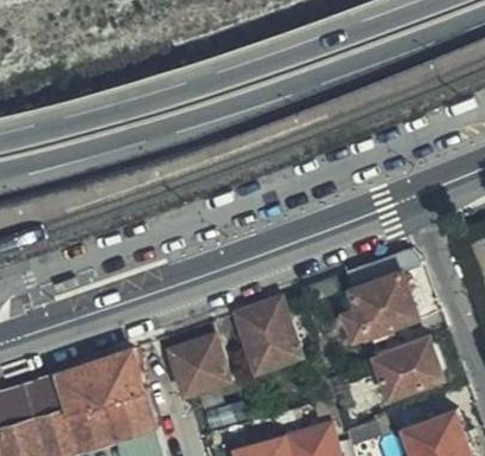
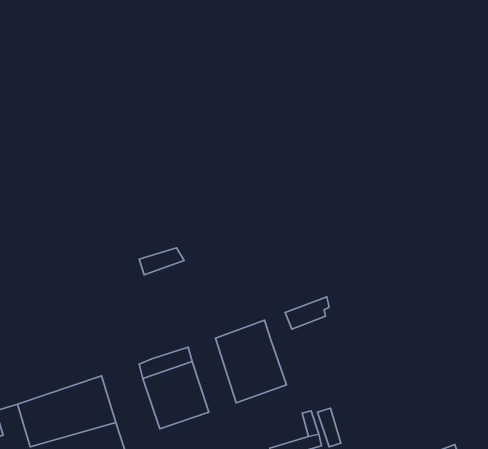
building: [344,251,419,338] -> none
building: [372,340,441,400] -> none

